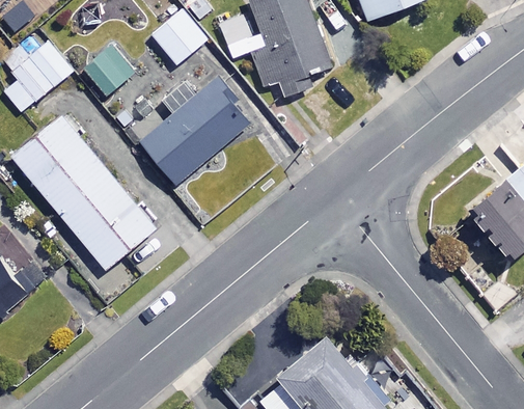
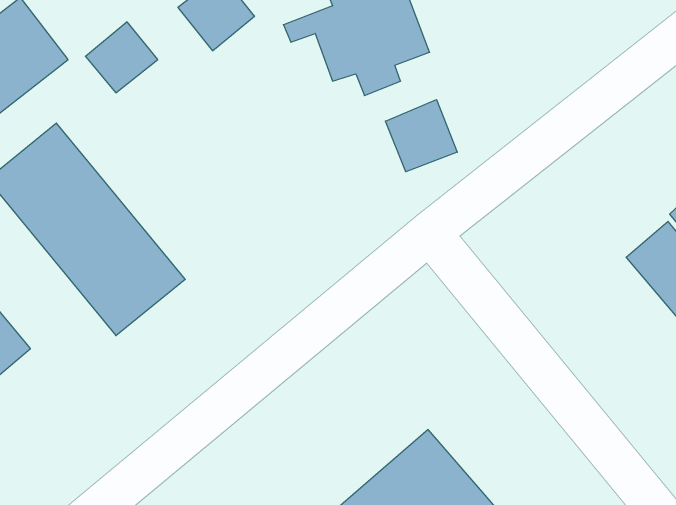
building: [141,79,252,186] -> none
building: none -> [385,100,457,172]

